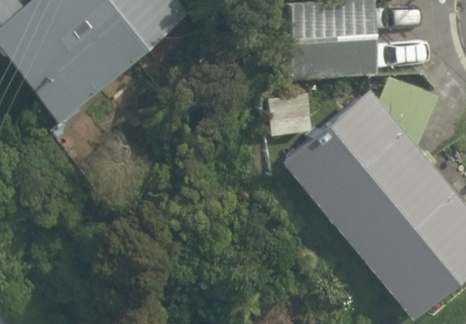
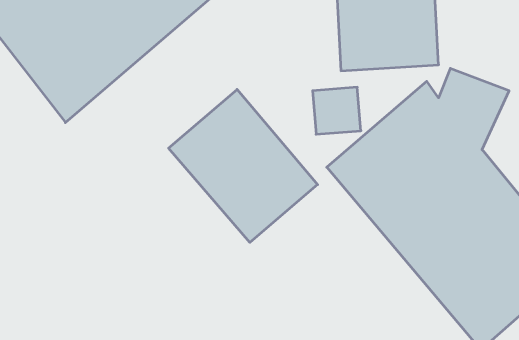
building: none -> [169,89,318,242]

